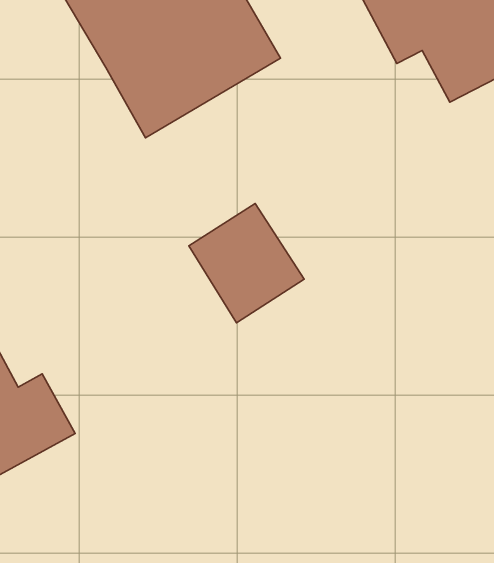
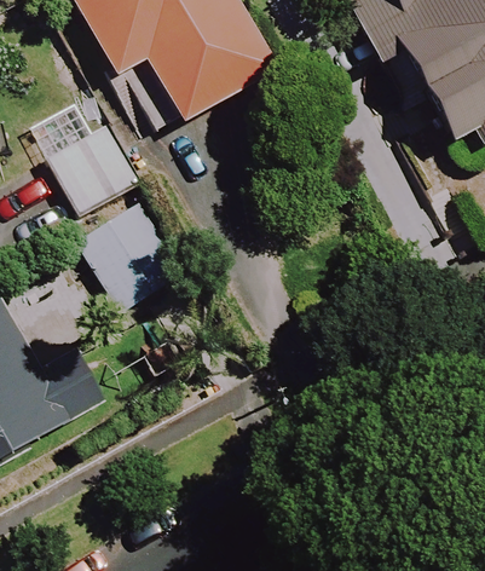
building: none -> [28,88,121,190]
building: [189,203,304,323] -> [79,202,184,311]

